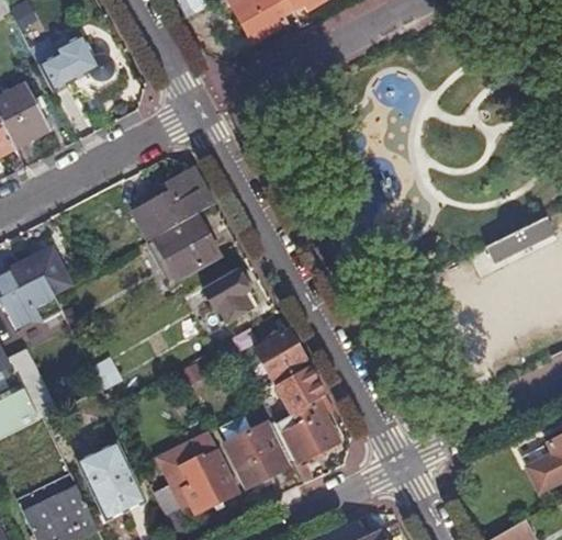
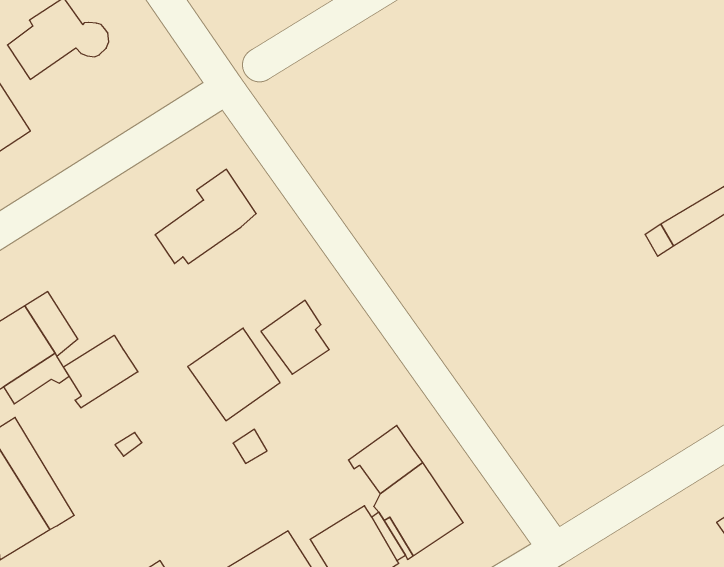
building: [154,213,220,279] -> [188,328,280,421]
building: none -> [63,335,138,408]
building: [247,330,297,379] -> none

